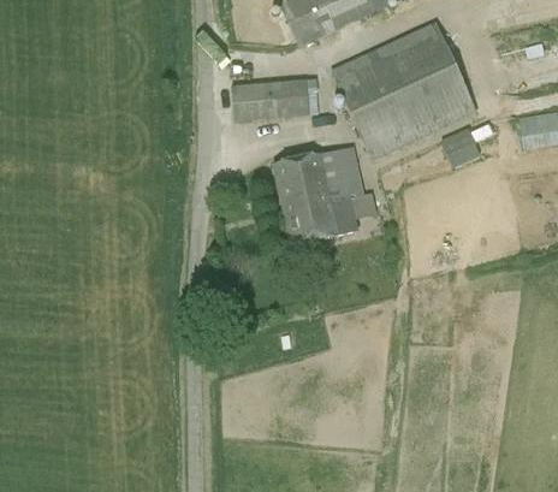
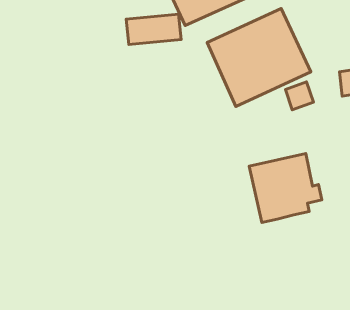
building: [232,78,310,121] -> [126,14,181,45]
building: [274,147,378,245] -> [249,153,322,223]

